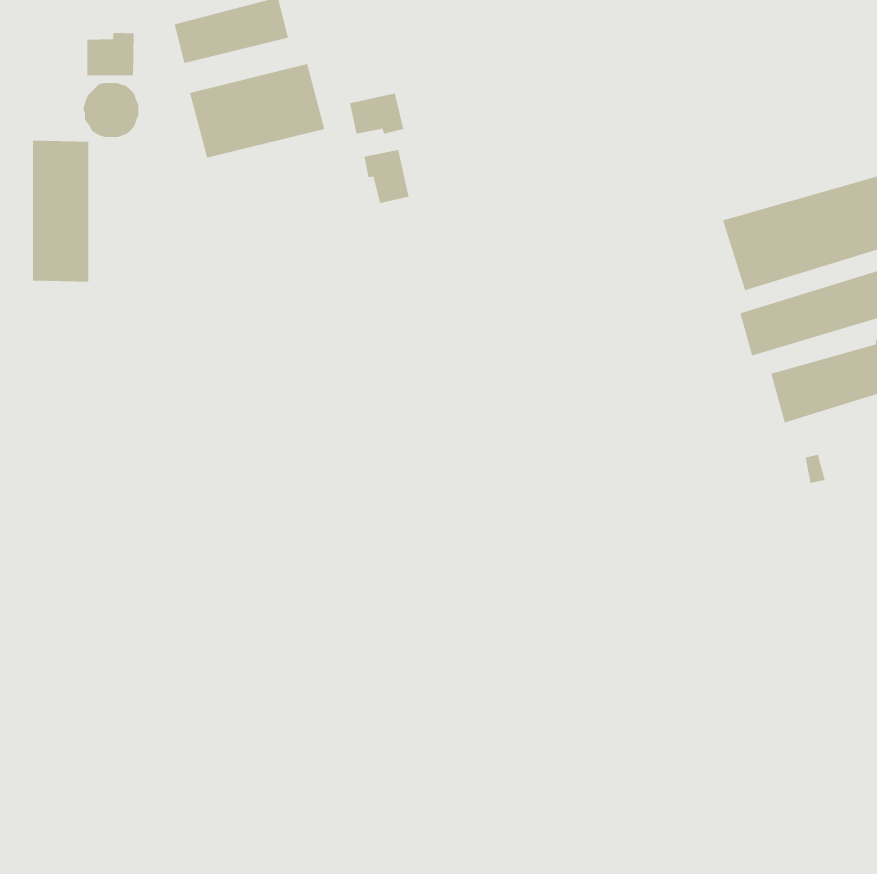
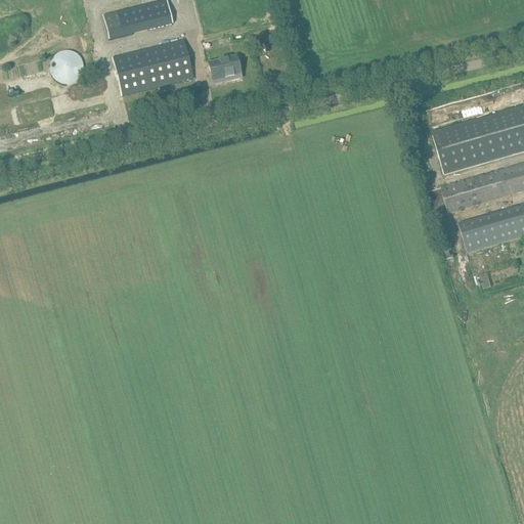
building: [87,32,134,76] -> none
building: [33,140,89,282] -> none
building: [364,149,409,204] -> none

